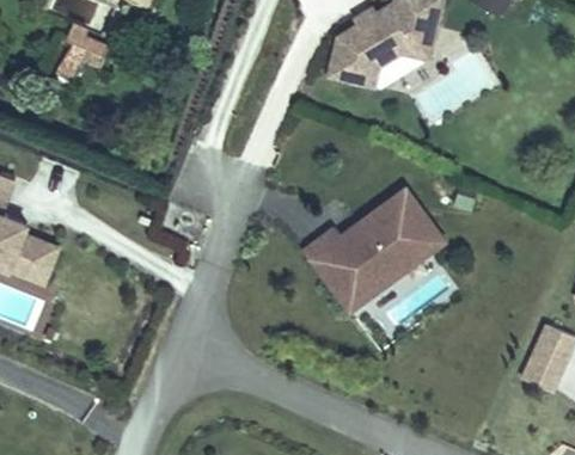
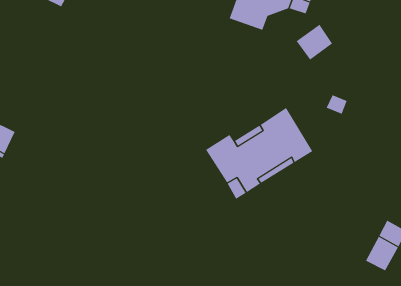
building: none -> [296,24,333,61]

